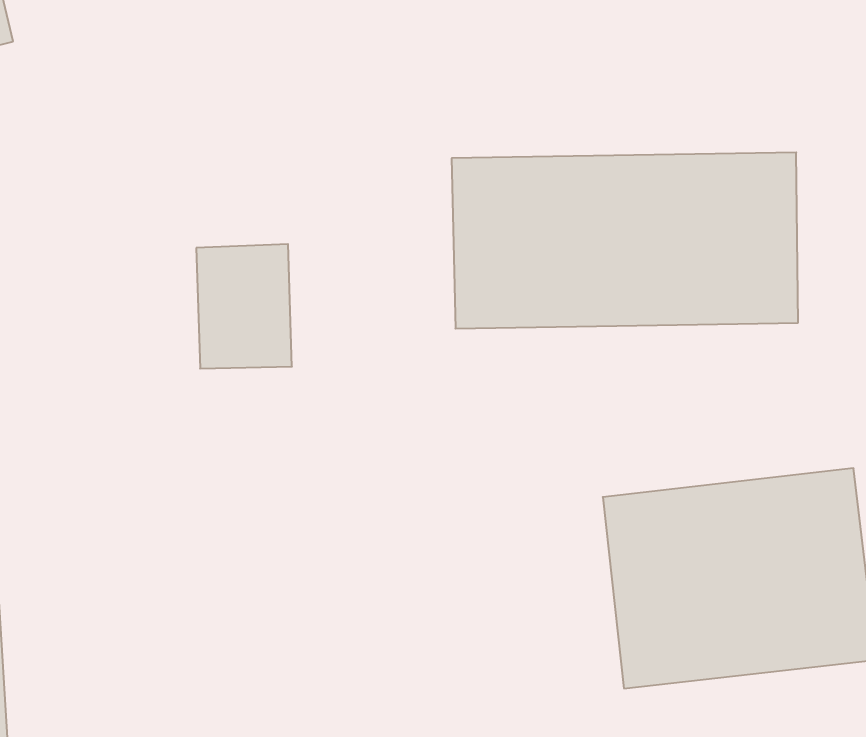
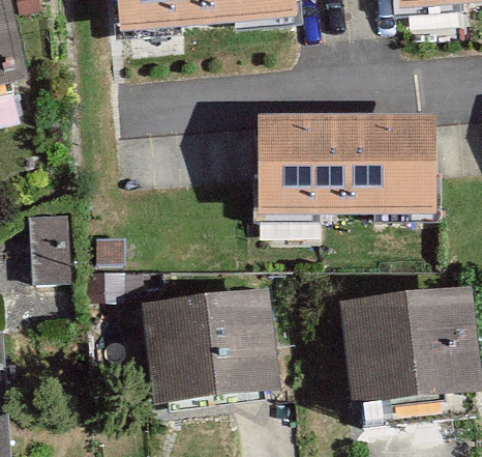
building: [196,244,292,369] -> [27,211,79,279]
building: none -> [134,289,278,404]

